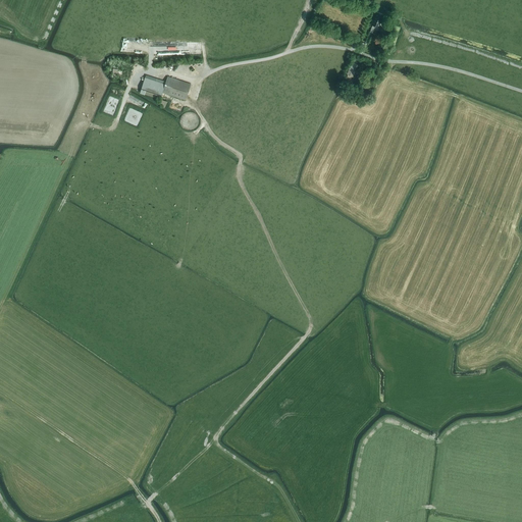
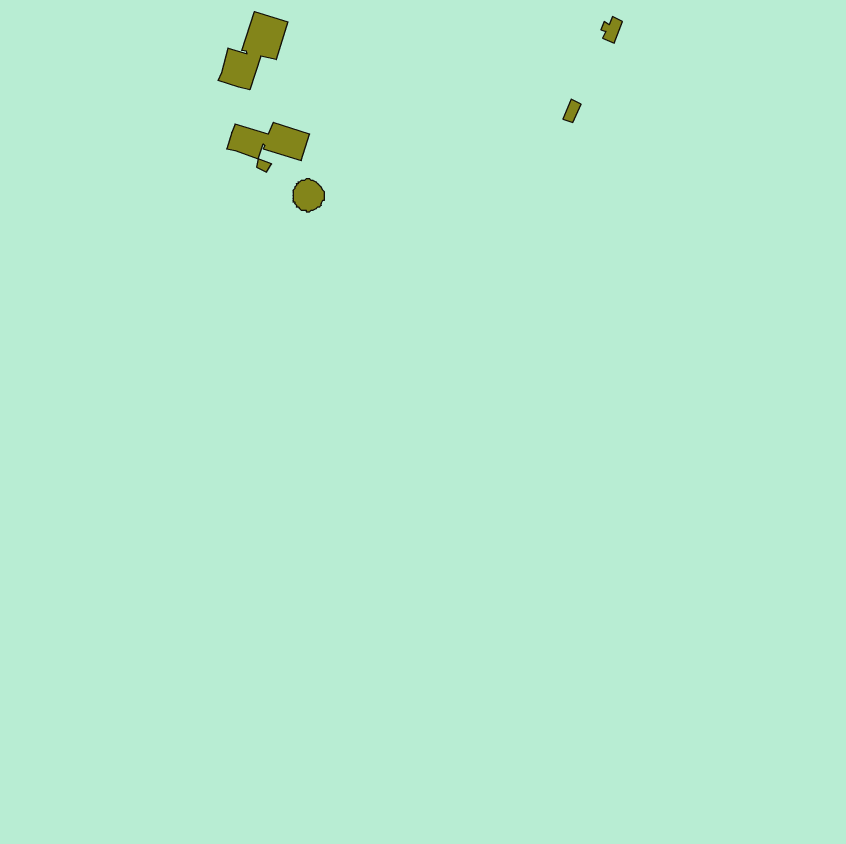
building: none -> [218,12,288,90]

